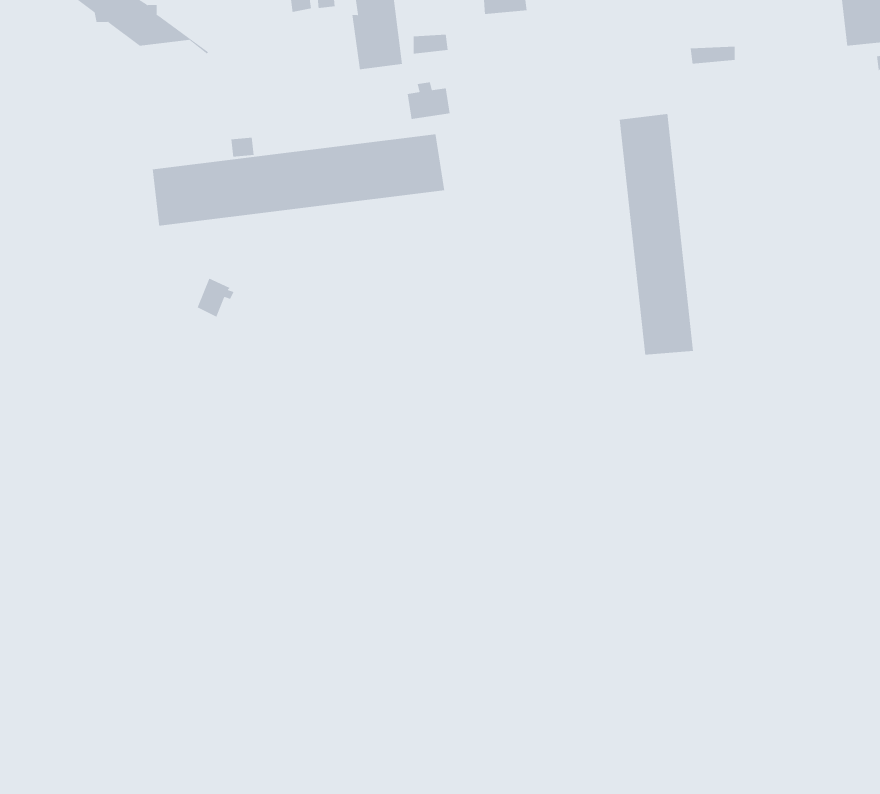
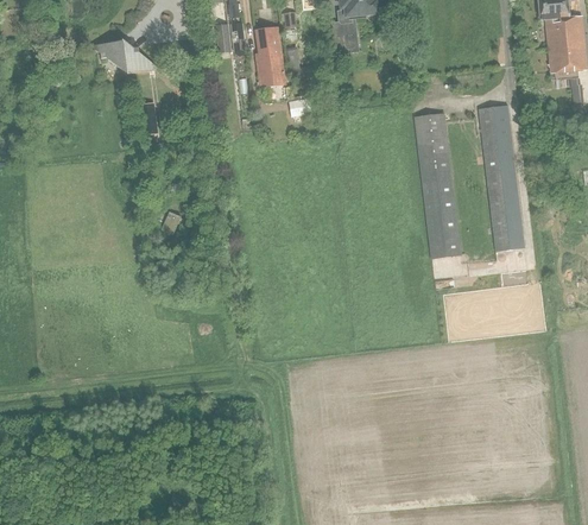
building: none -> [479,103,524,249]
building: [152,133,445,226] -> none

